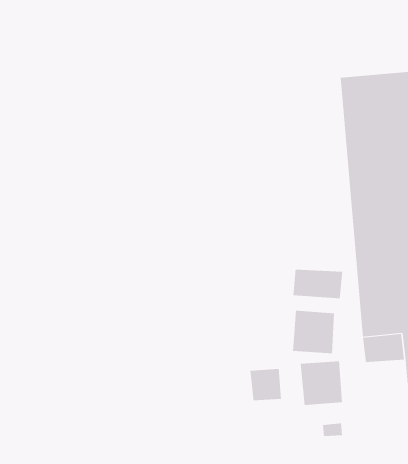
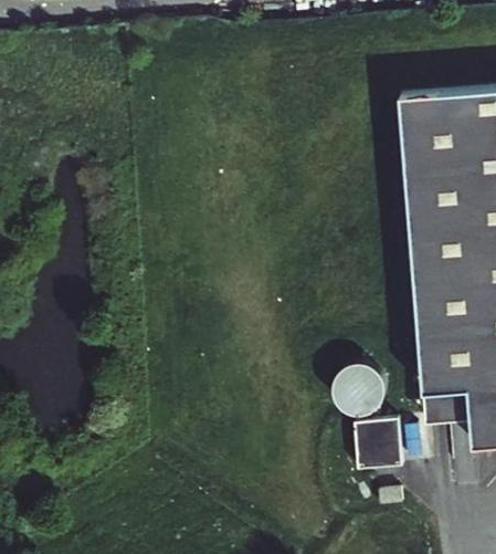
building: [293,269,343,299] -> none
building: [250,368,282,401] -> none

